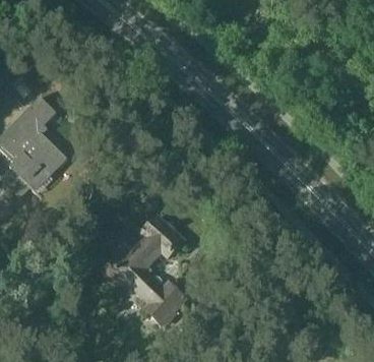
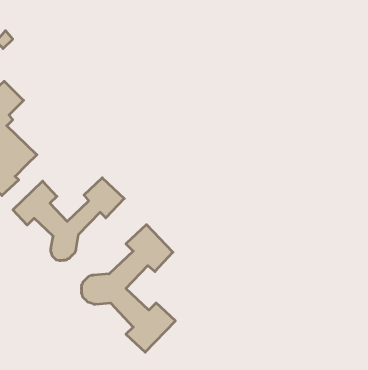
building: none -> [13,178,124,261]

